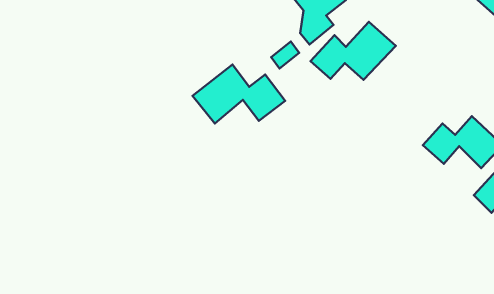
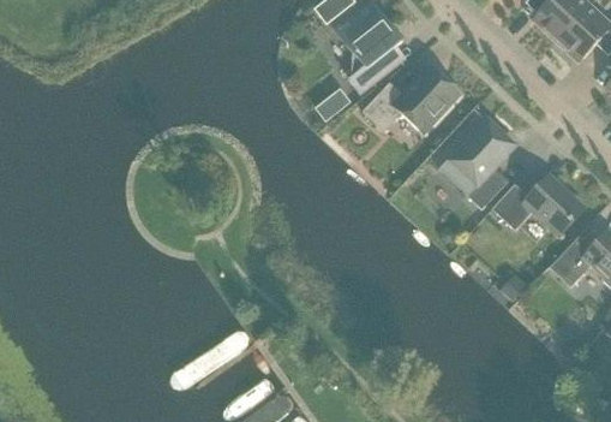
building: [192,64,285,123] -> none
building: none -> [447,118,515,208]

